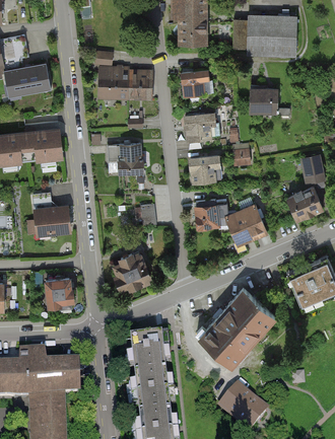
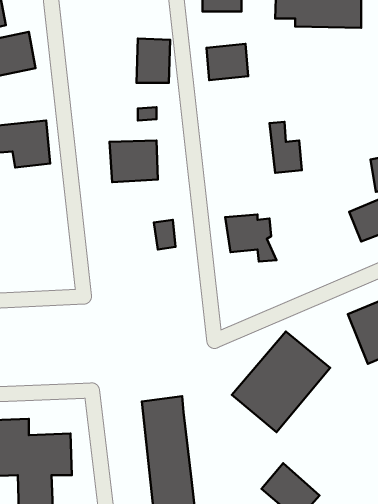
building: [91,52,128,99] -> none
building: [249,87,278,115] -> none
building: [182,111,220,143] -> none
building: [188,155,222,187] -> none
building: [31,194,70,238] -> none
building: [225,204,267,244] -> none
building: [115,250,151,288] -> none
building: [46,277,73,308] -> none

